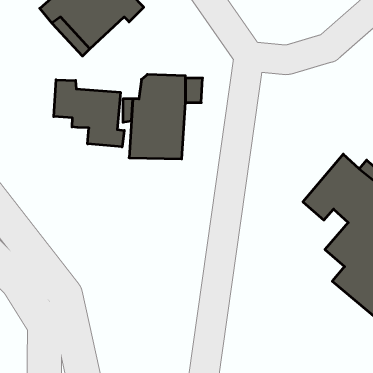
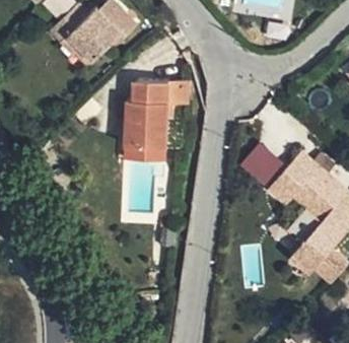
building: [54,80,124,147] -> none
building: none -> [237,143,283,188]

